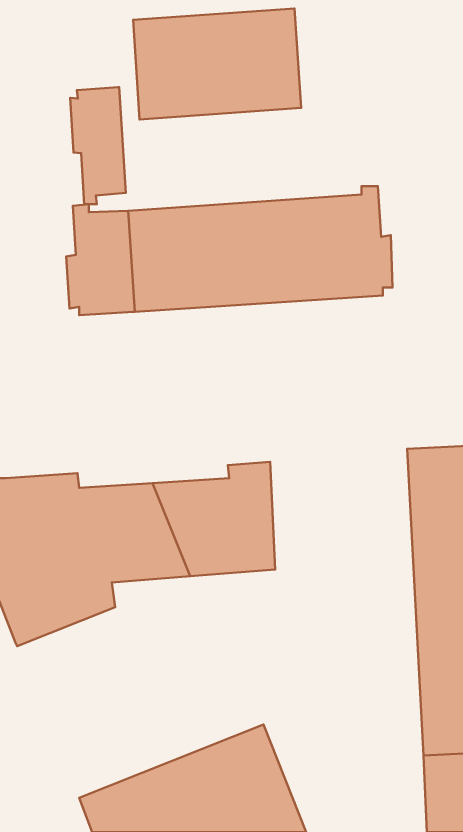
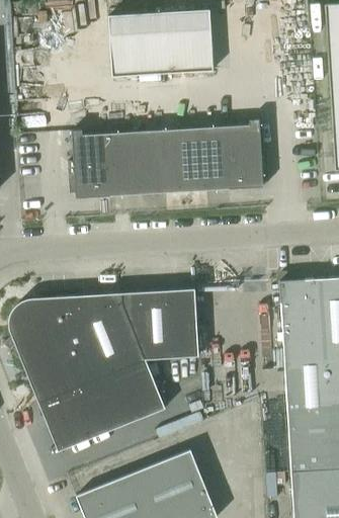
building: [70,87,126,204] -> none
building: none -> [37,358,164,450]

